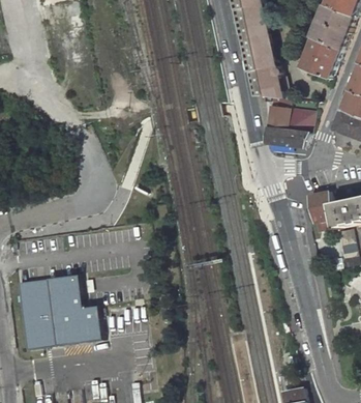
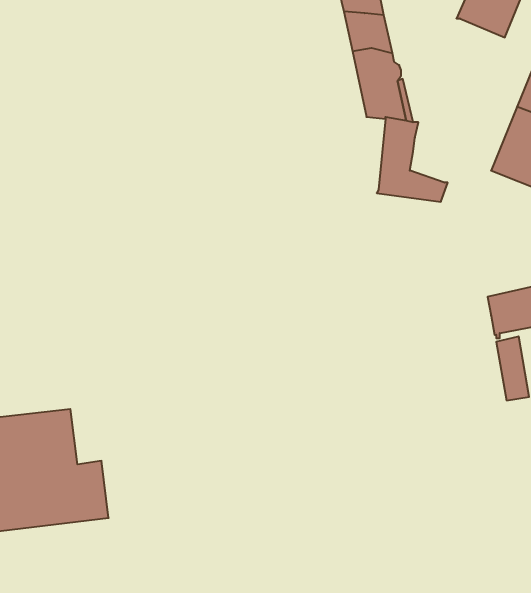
building: [301,37,340,78] -> none
building: [283,109,307,136] -> none
building: [306,191,332,230] -> none

